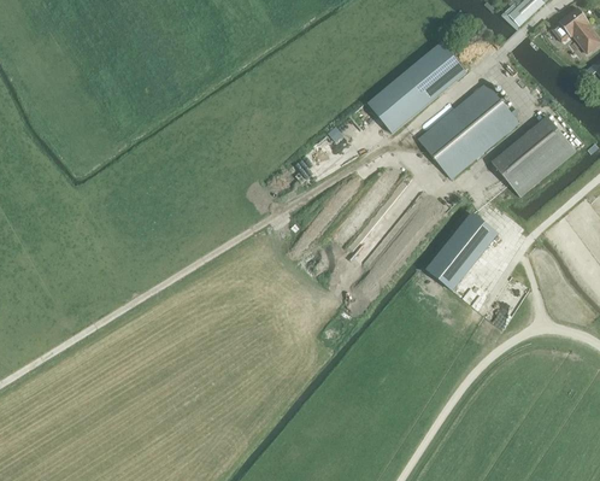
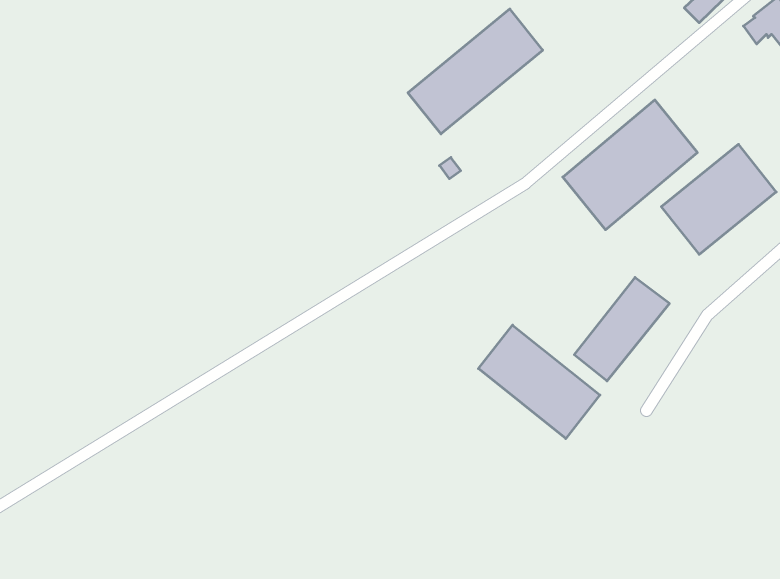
building: [367,42,466,134] -> [408,9,543,134]
building: none -> [478,325,600,439]

